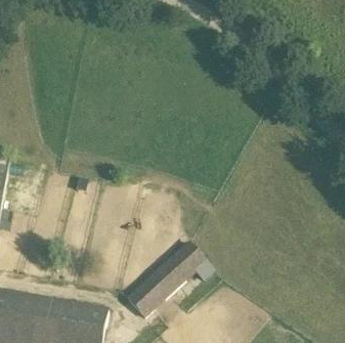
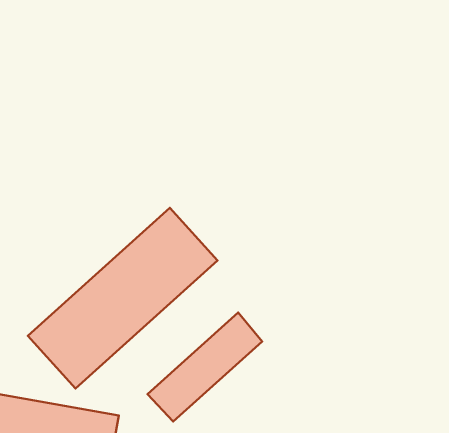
building: none -> [28,208,217,389]

